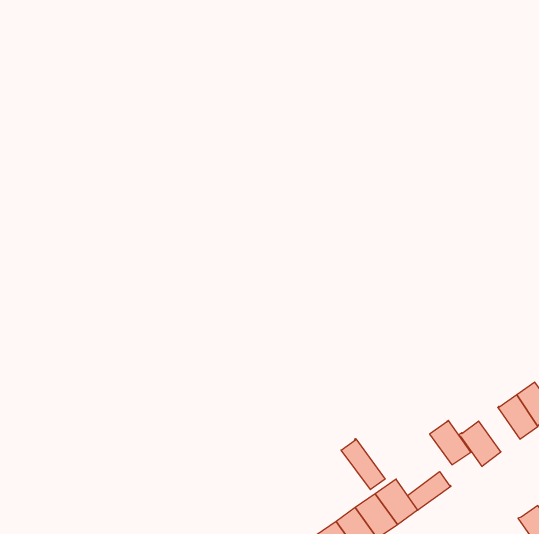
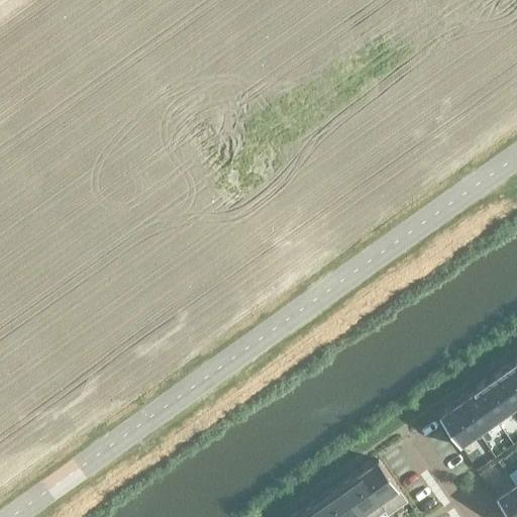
building: [430,420,471,465] -> [458,395,498,437]
building: [341,439,385,490] -> none
building: [407,472,451,510] -> none

